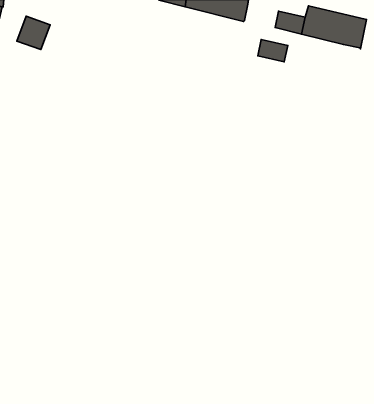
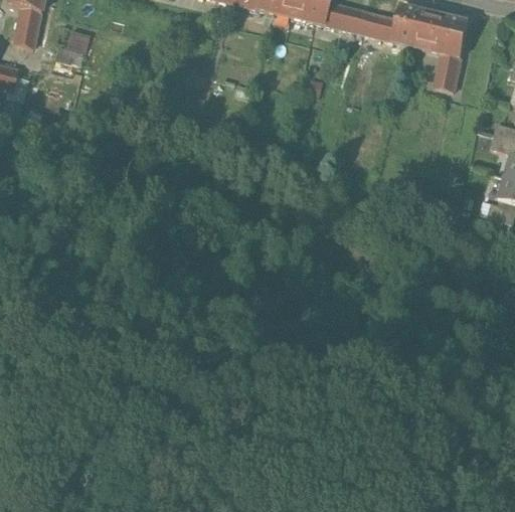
building: [258,40,288,62] -> [326,6,361,32]
building: none -> [435,53,462,90]

